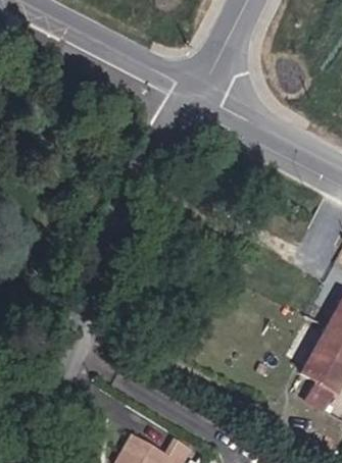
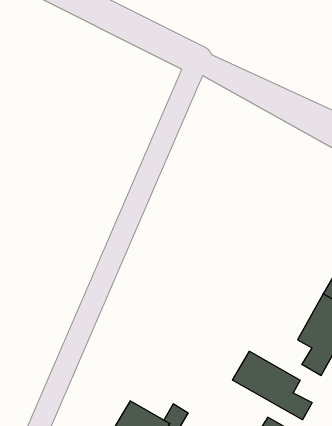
building: none -> [233,351,312,420]

